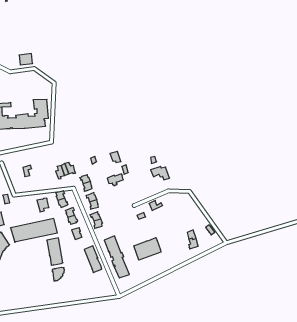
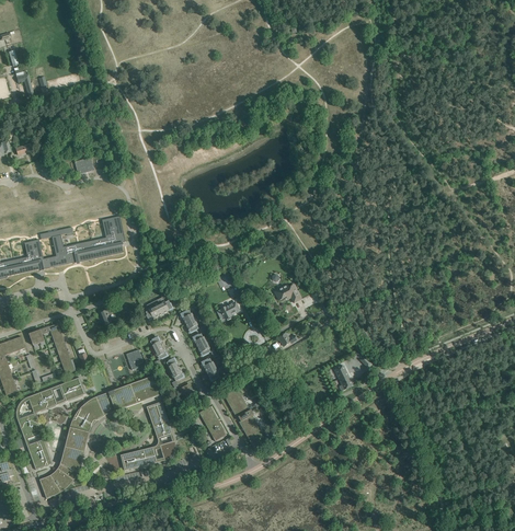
building: [134,238,161,260] -> none
building: none -> [119,446,158,470]

